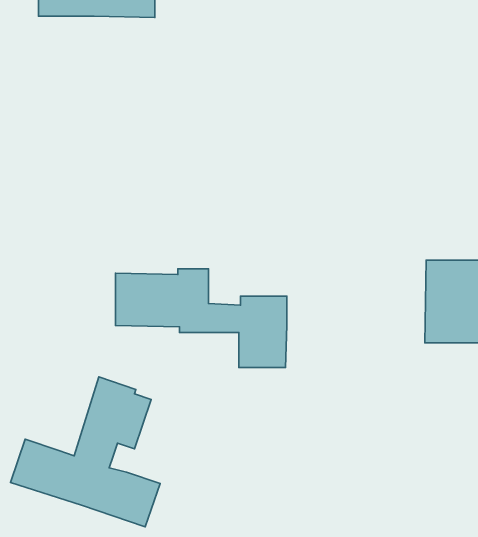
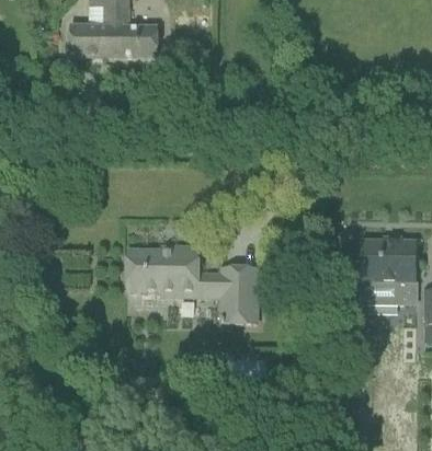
building: [11,377,160,527] -> none

